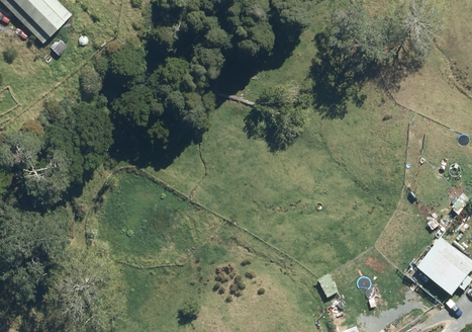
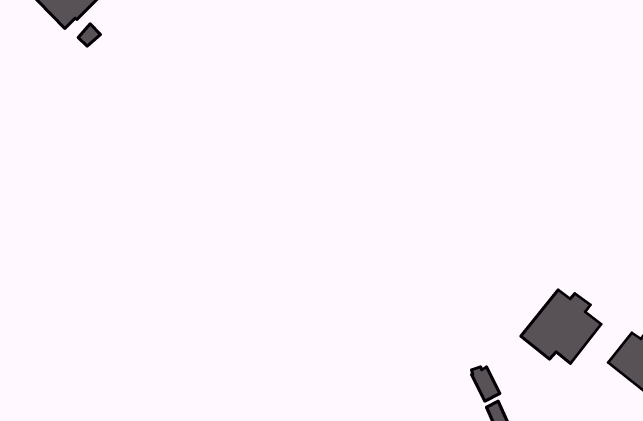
building: none -> [521,290,601,363]

